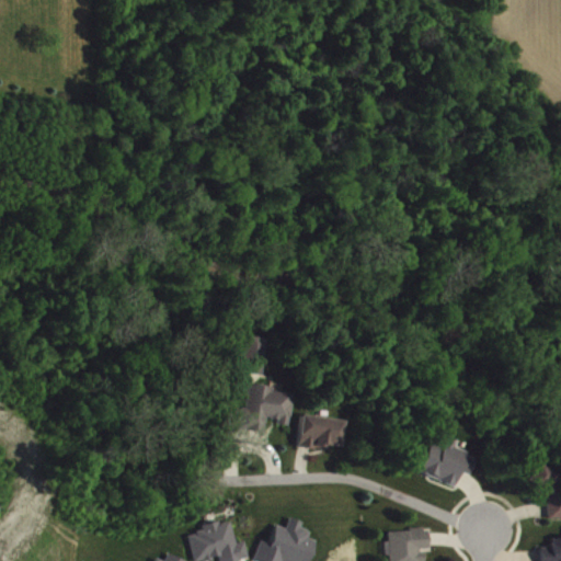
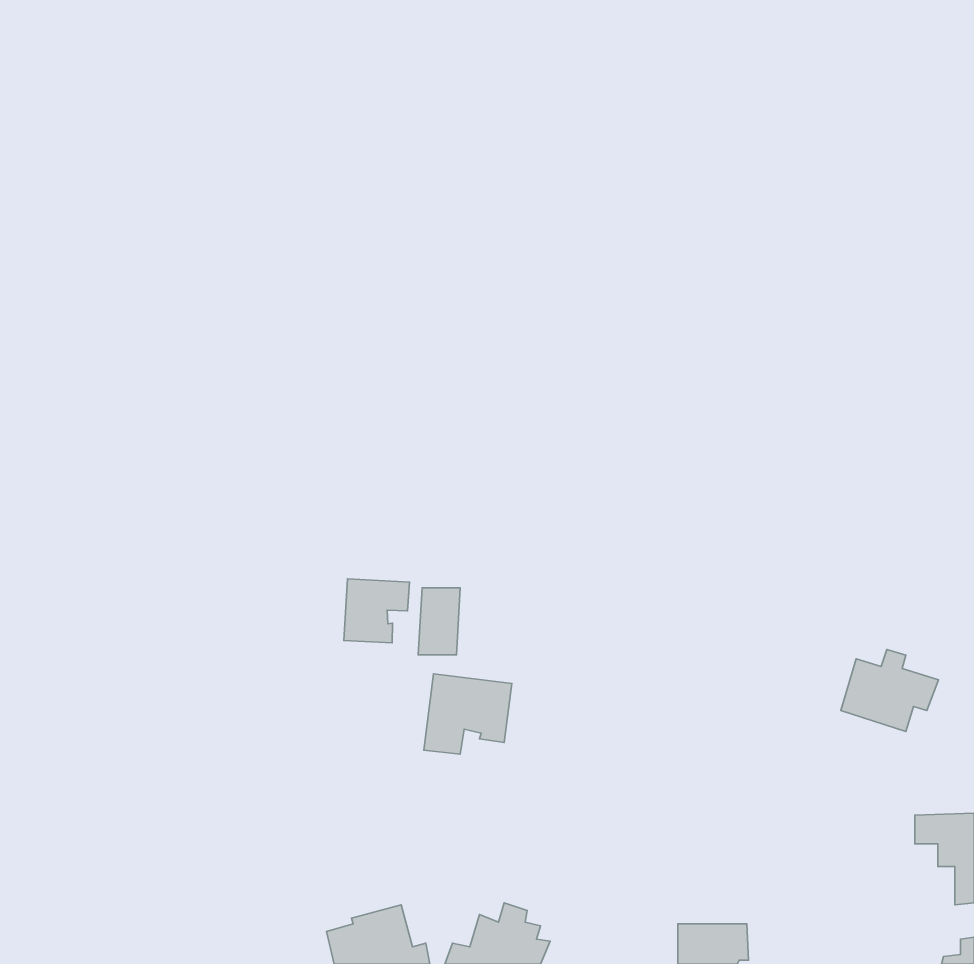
building: none -> [344,579,410,643]
building: [297,415,344,451] -> none
building: [420,439,476,486] -> [841,649,938,731]

